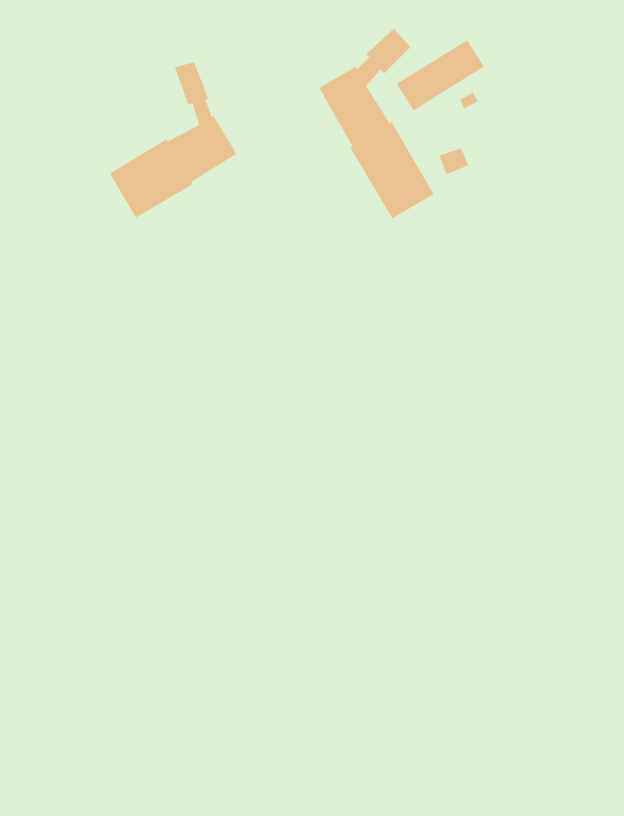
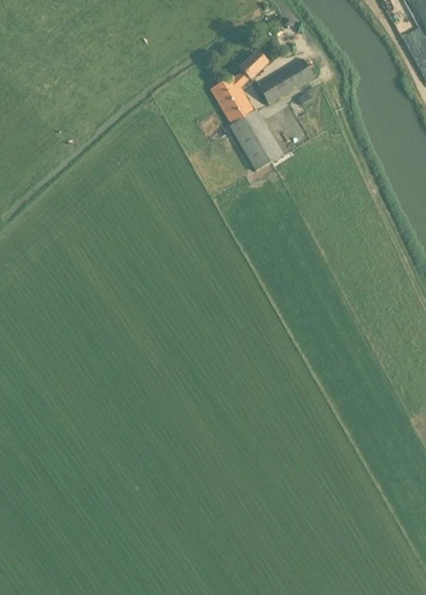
building: [109,61,237,218] -> none

